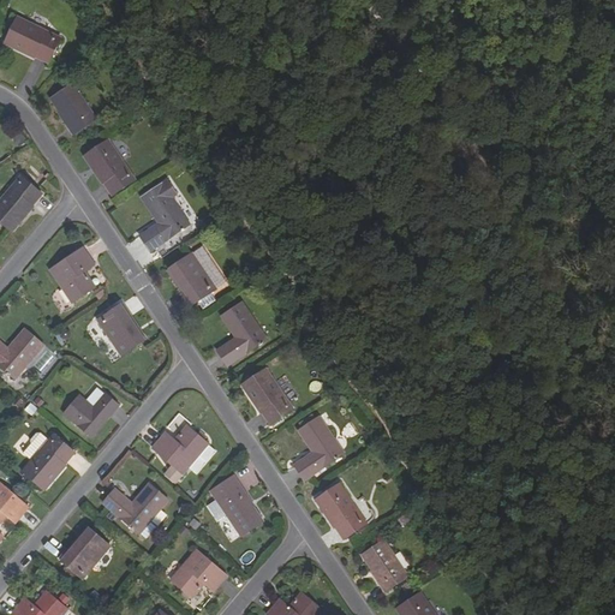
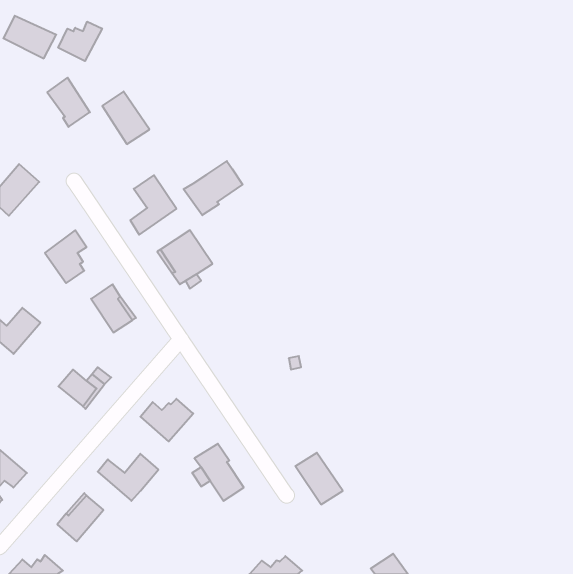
building: none -> [58,22,102,61]
building: [86,141,137,197] -> [102,91,149,144]
building: none -> [184,161,243,215]
building: [211,295,261,359] -> none
building: [243,369,292,424] -> none
building: [294,418,344,480] -> none
building: [22,435,73,489] -> none
building: [362,541,407,592] -> none
building: [169,549,226,596] -> none

